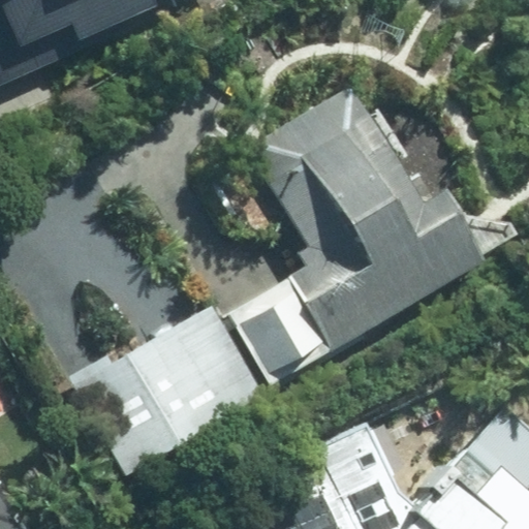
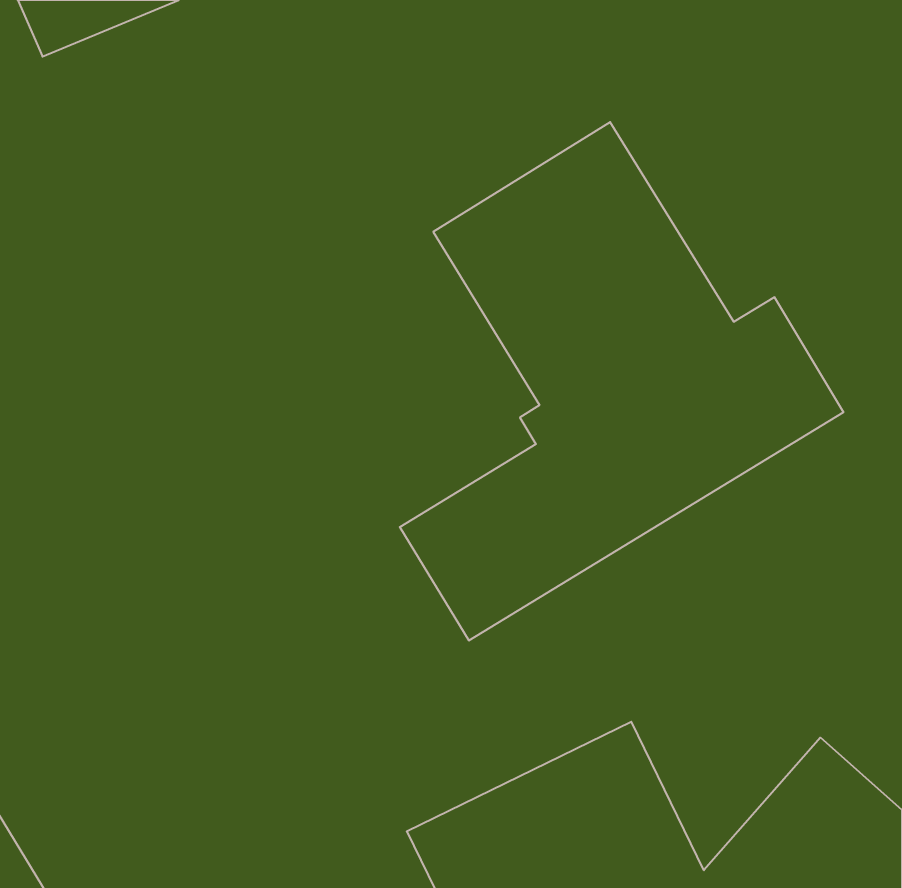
building: [63,306,266,477] -> none

